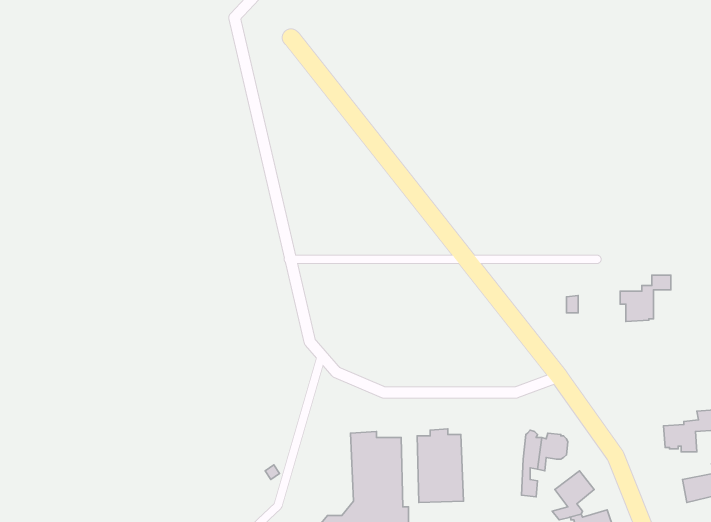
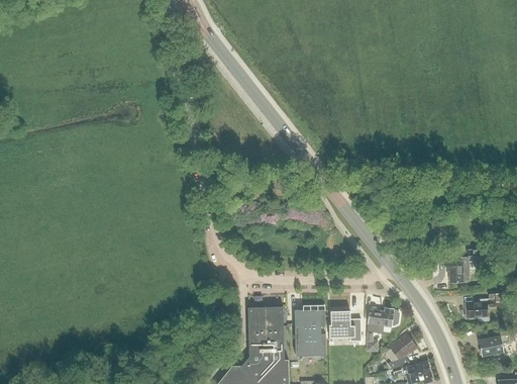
building: [620,275,671,322] -> [445,251,481,283]
building: none -> [329,311,361,342]

